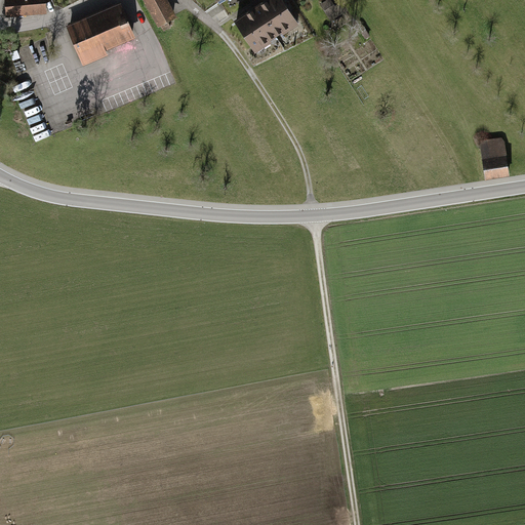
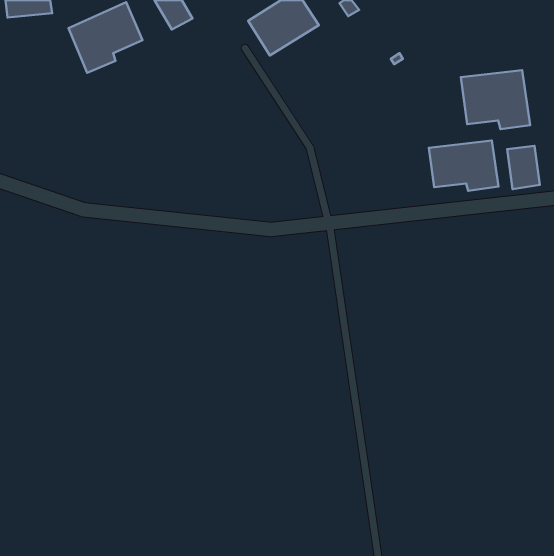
building: none -> [461,70,530,129]
building: none -> [429,140,498,191]

